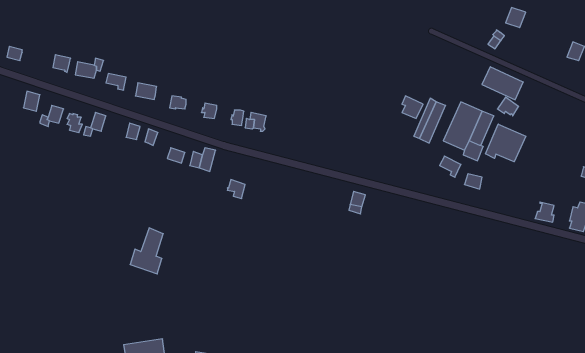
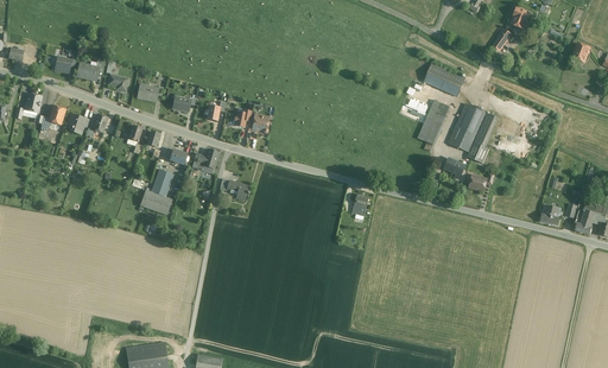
building: [482,67,523,100] -> [424,63,466,96]
building: [486,124,526,162] -> none
building: [130,228,163,274] -> [140,169,173,215]

